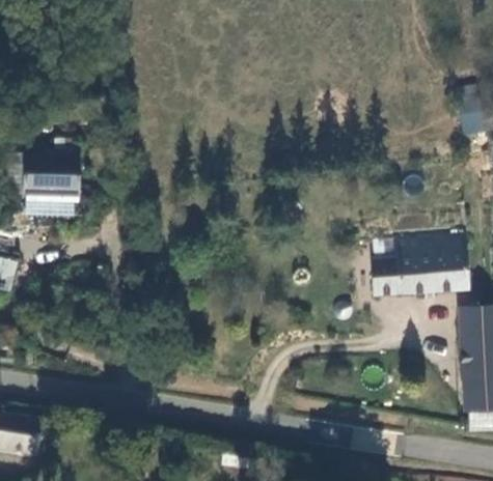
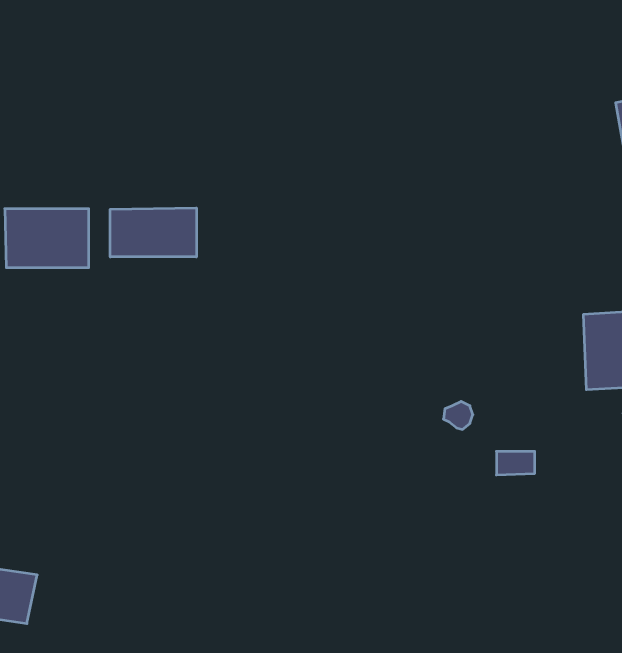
building: none -> [110,208,196,257]
building: [373,240,433,296] -> none

